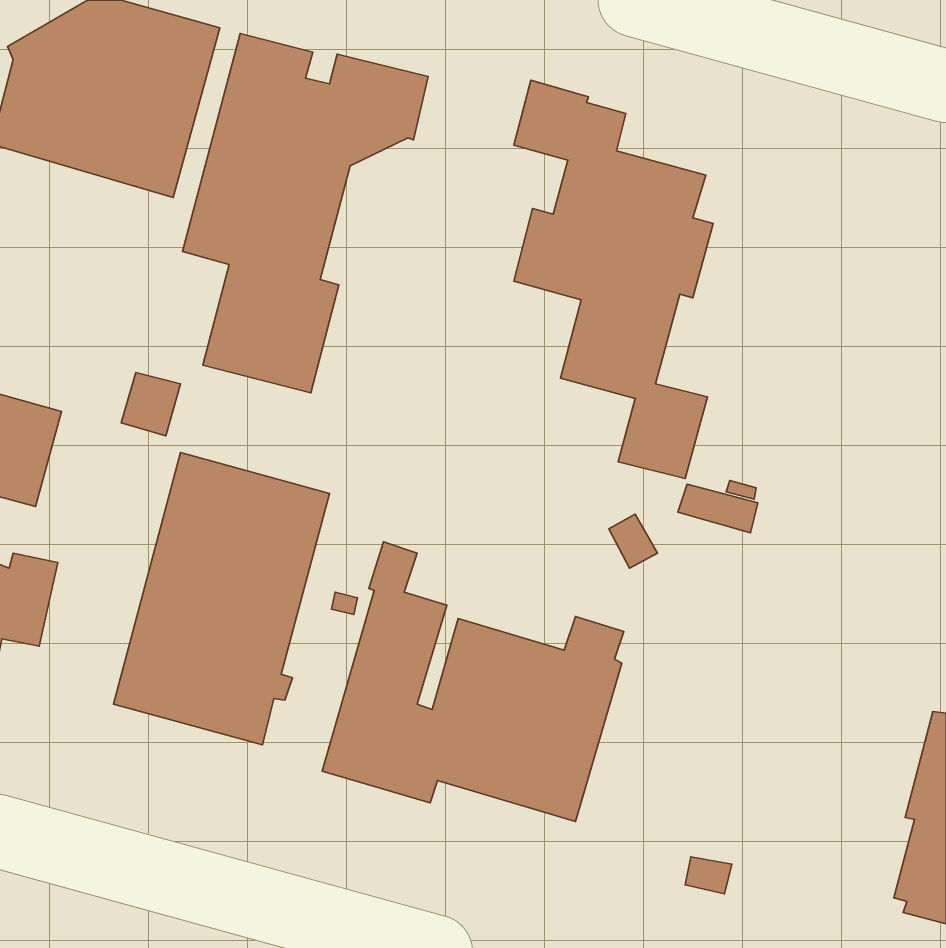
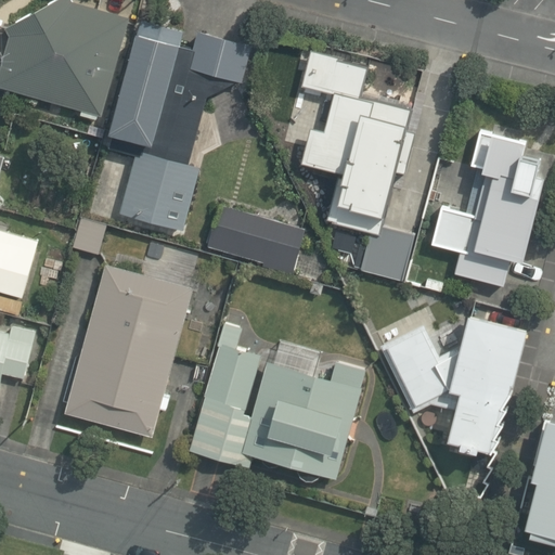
building: none -> [430,130,544,286]
building: none -> [207,205,305,274]
building: none -> [379,306,537,465]

